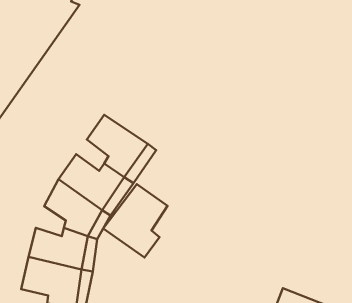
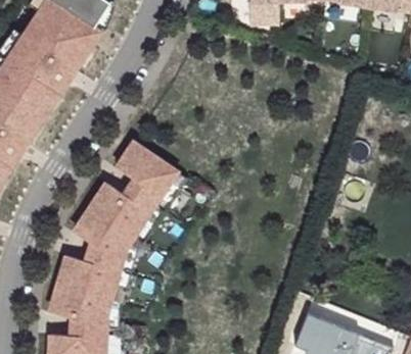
building: [103,184,168,258] -> none

